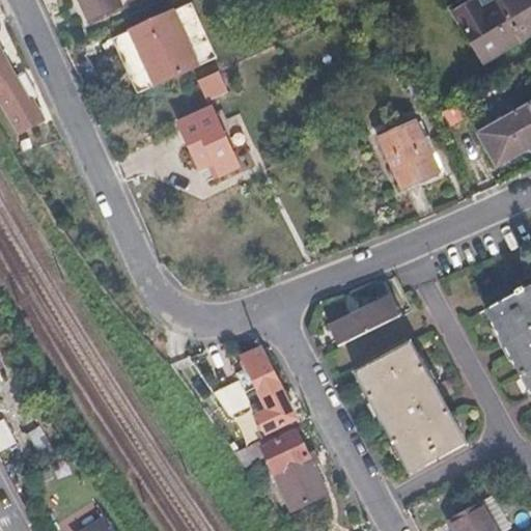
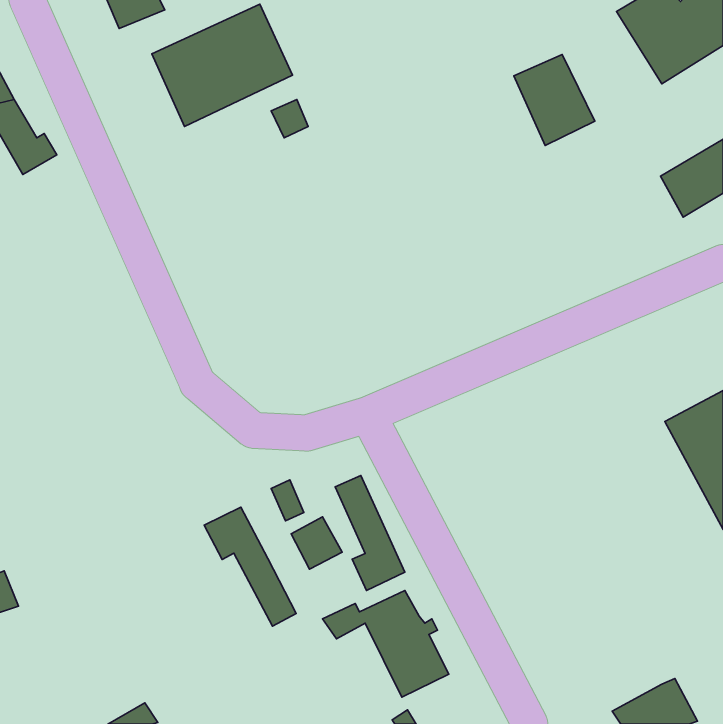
building: [178,107,231,169] -> none
building: [379,120,438,187] -> [514,54,595,145]
building: [329,290,410,345] -> none
building: [354,341,465,474] -> none
building: none -> [204,507,296,626]

